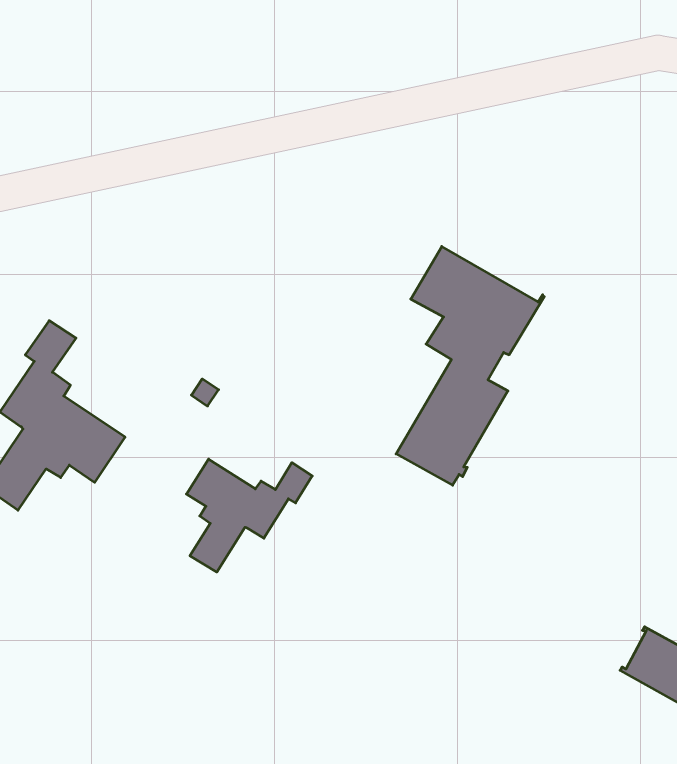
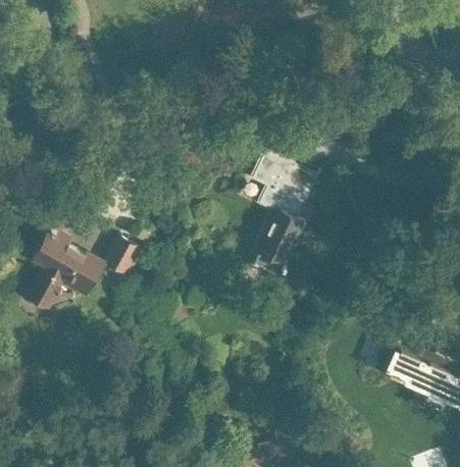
building: none -> [105,239,140,275]
building: [186,459,312,572] -> none

